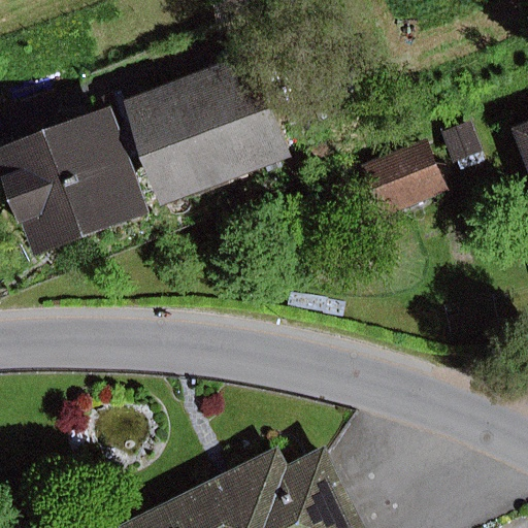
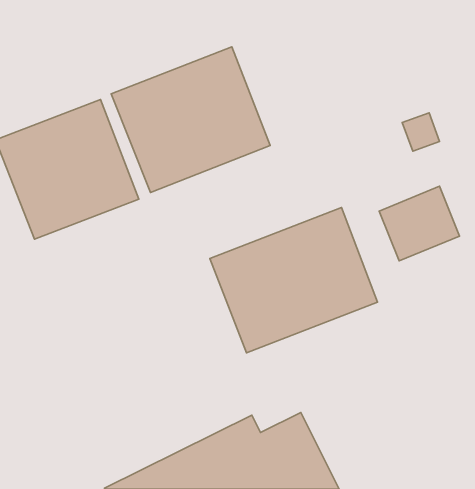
building: [355,138,441,219] -> [379,186,460,261]
building: none -> [210,207,377,353]

